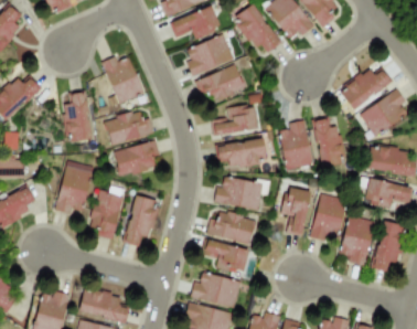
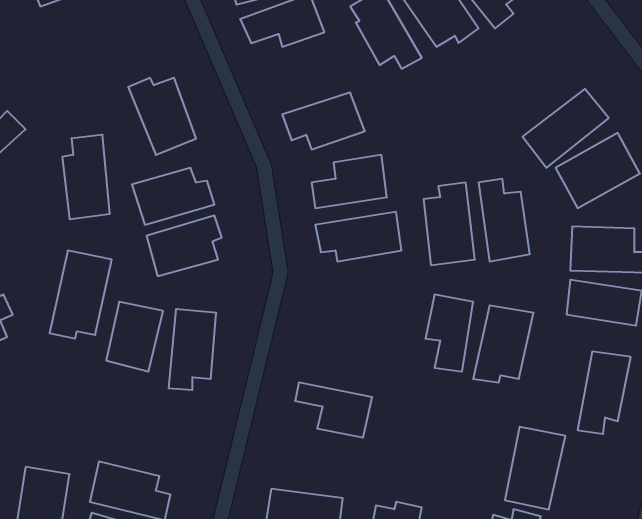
building: [186,34,235,77] -> none
building: [214,178,269,210] -> none
building: [206,212,255,244] -> none
building: [339,215,375,265] -> [505,427,565,509]
building: [193,273,240,307] -> none

